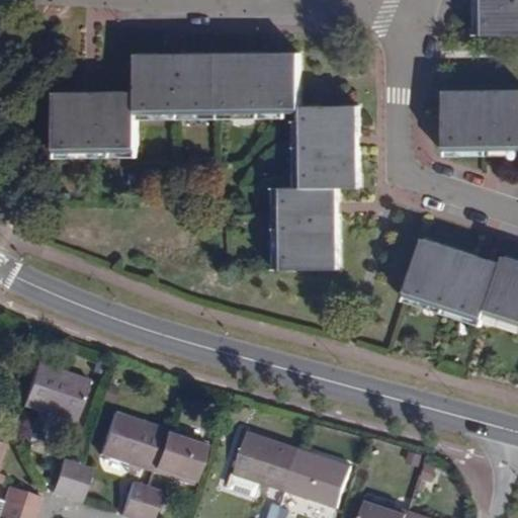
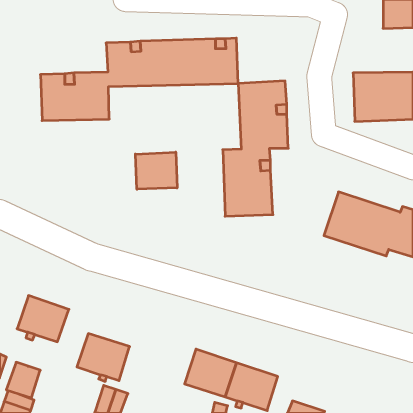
building: none -> [135,152,177,189]
building: [149,433,201,488] -> none
building: [50,458,92,503] -> [6,362,40,398]

